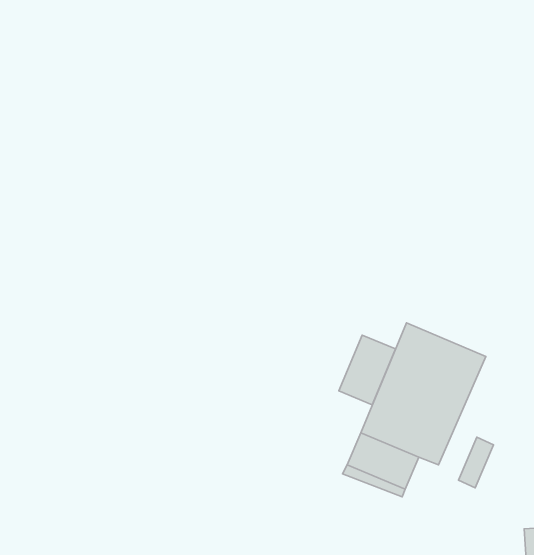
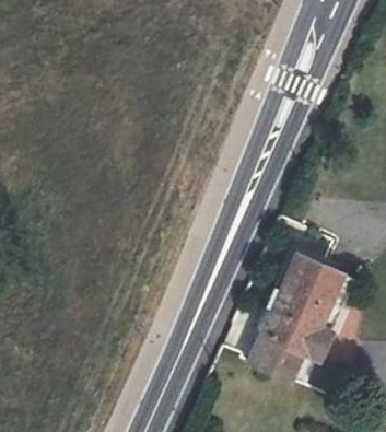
building: [339,335,396,405] -> none

